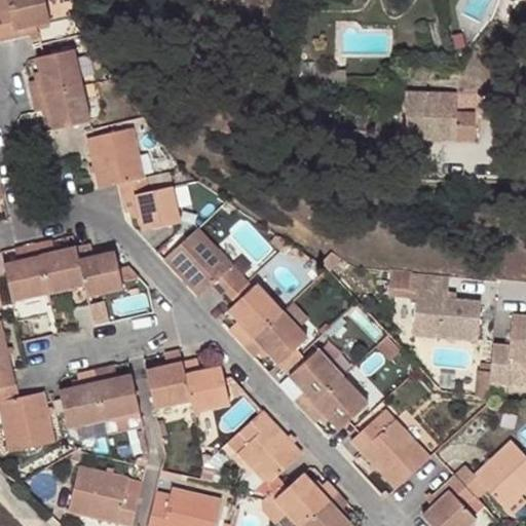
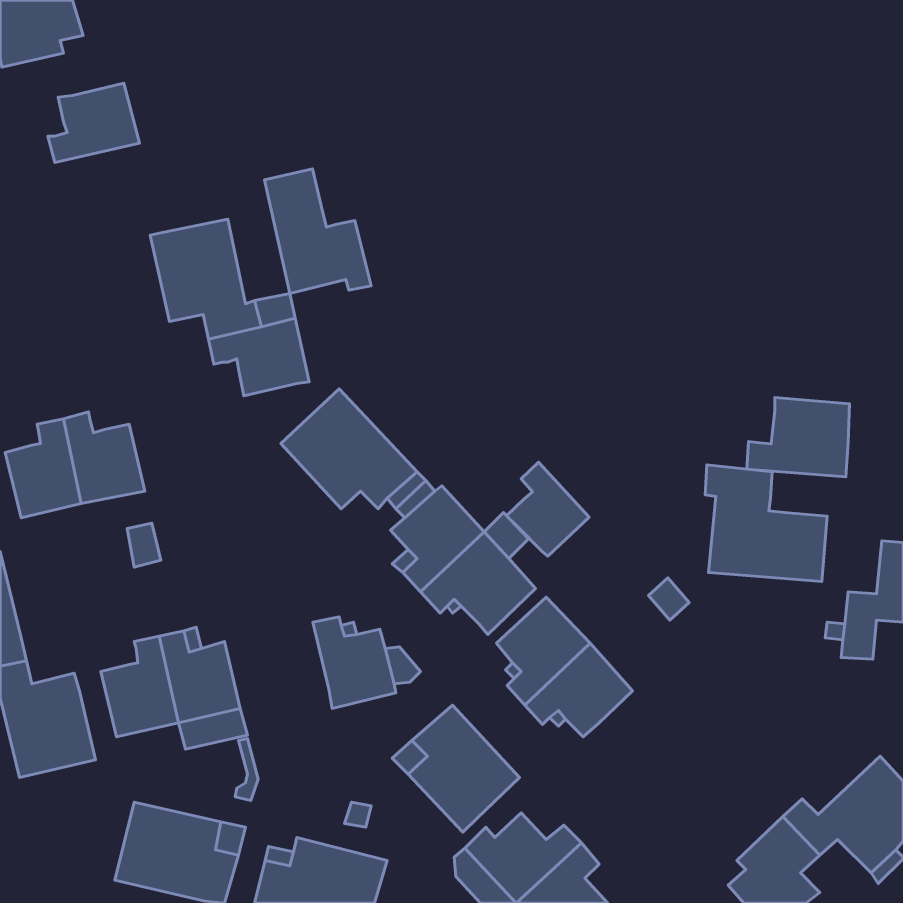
building: [32,83,89,129] -> none
building: [403,90,481,140] -> none
building: none -> [264,169,371,293]
building: none -> [747,397,850,477]
building: [75,243,139,296] -> none
building: none -> [507,462,589,556]
building: [146,349,191,409] -> none
building: [351,407,430,487] -> none

